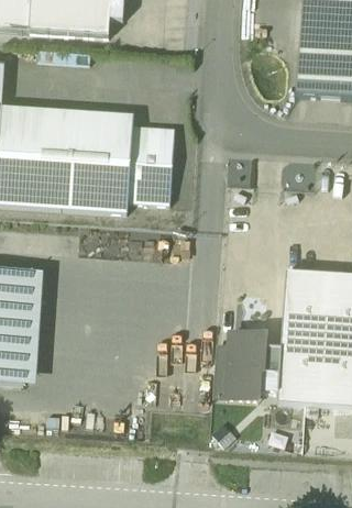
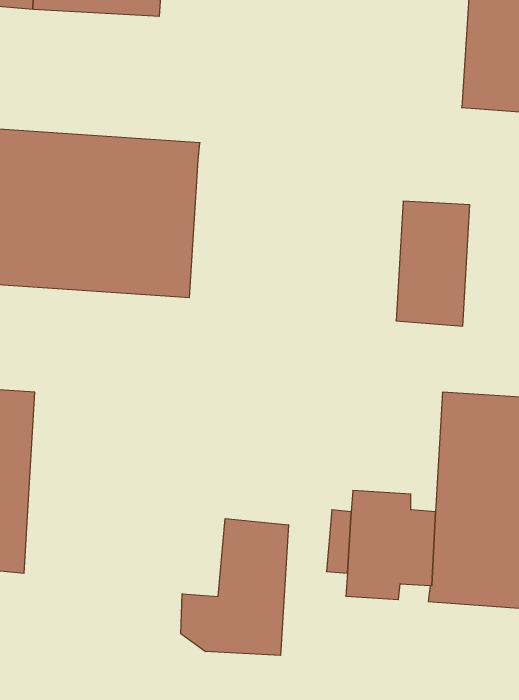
building: [128,125,174,203] -> [396,201,470,326]
building: none -> [181,519,289,655]

